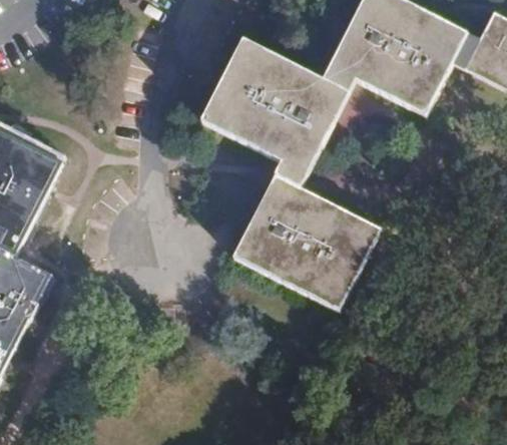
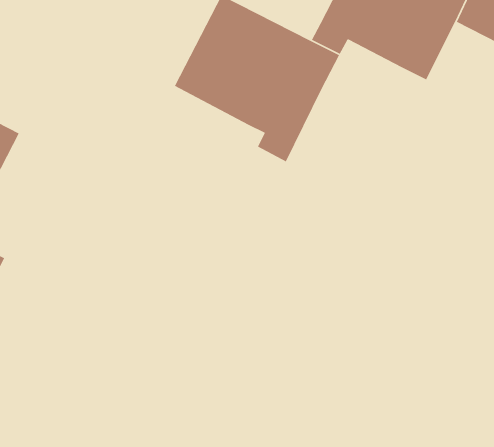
building: [233,173,382,311] -> none

